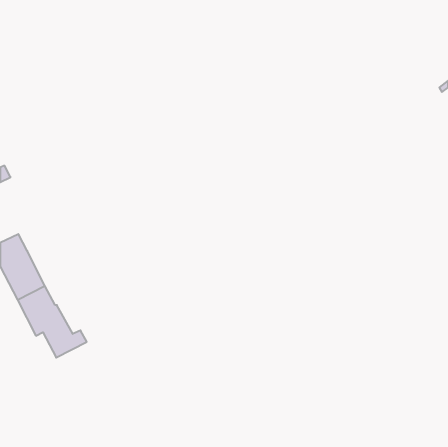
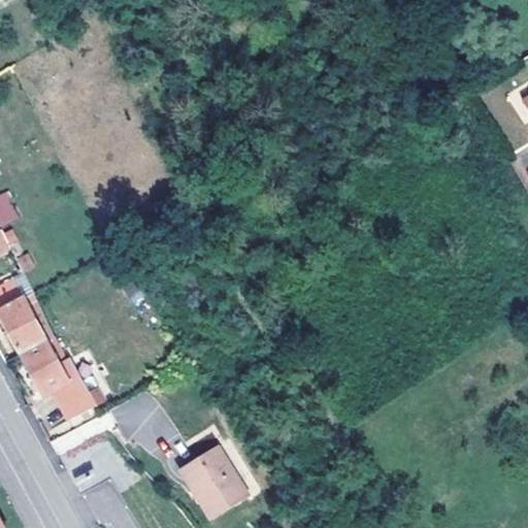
building: none -> [177,446,246,518]

